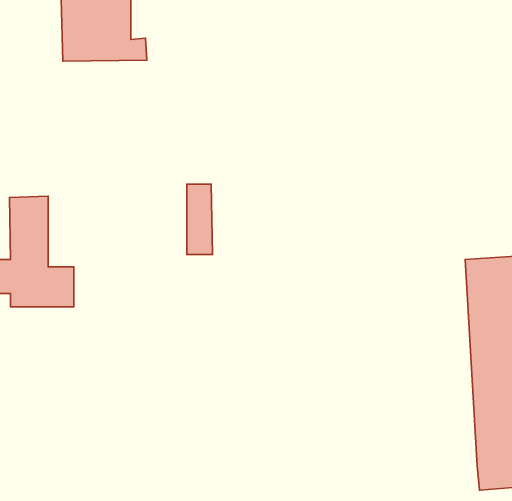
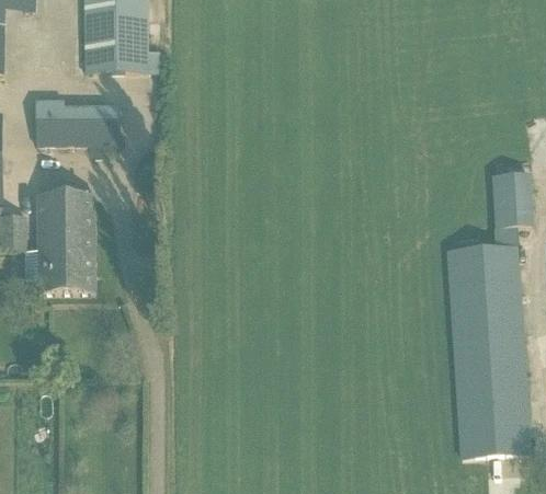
building: none -> [35,100,117,146]
building: [187,184,212,254] -> [71,193,94,256]

